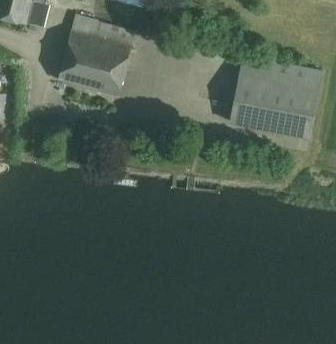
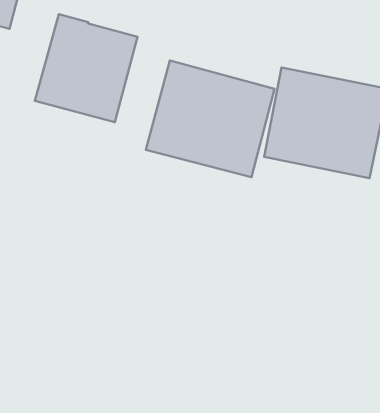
building: none -> [146,60,275,177]

